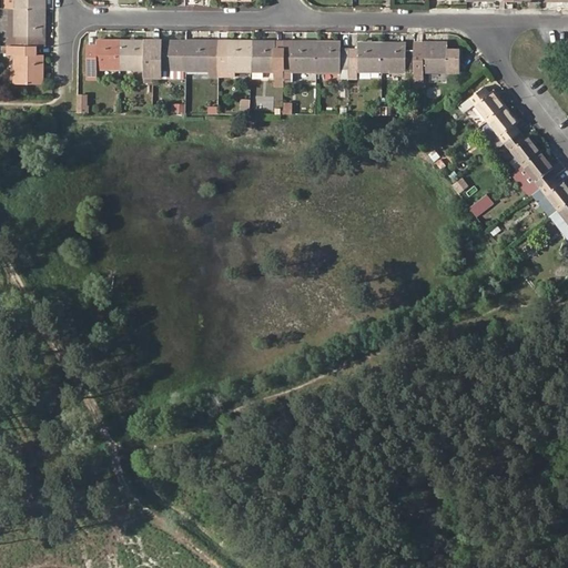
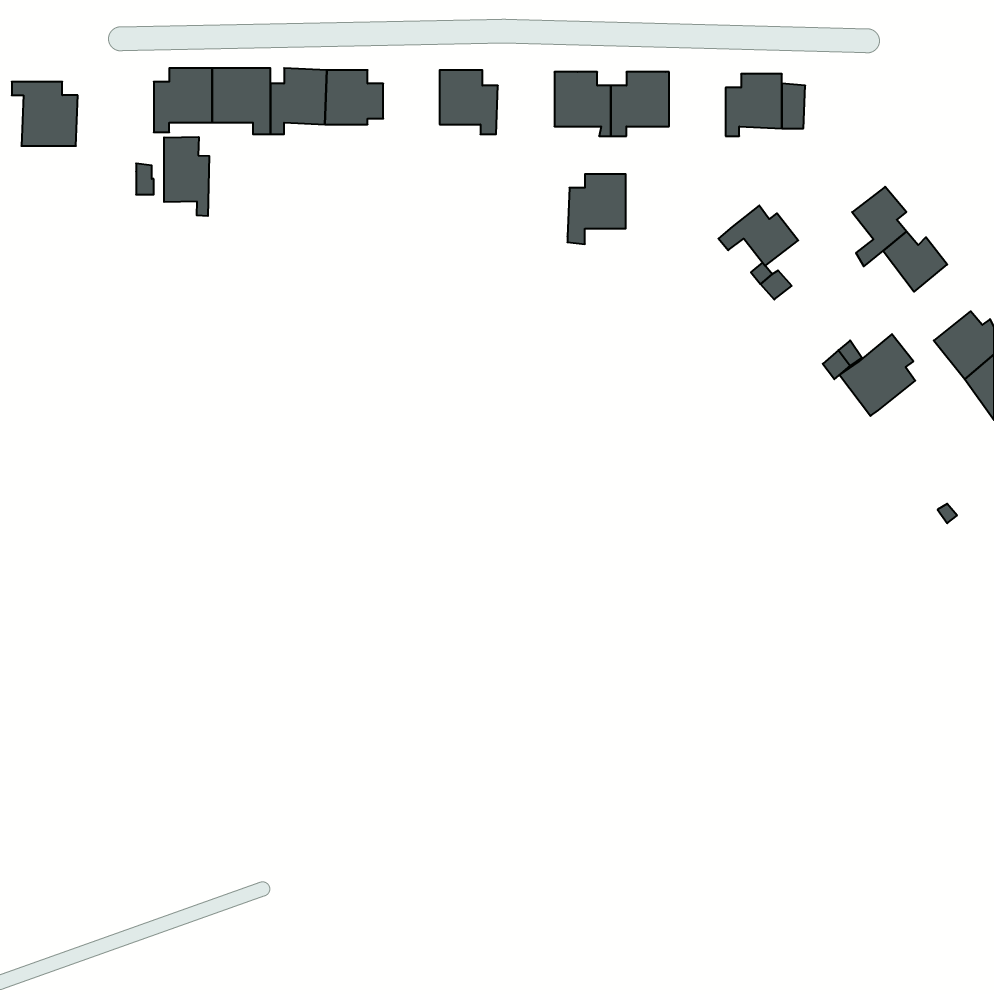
building: [7,8,44,47] -> none
building: [219,40,251,77] -> none
building: [283,41,316,81] -> [567,174,626,244]
building: [382,41,414,72] -> none
building: none -> [164,137,209,216]
building: [459,87,505,121] -> [718,205,798,266]
building: [510,151,554,197] -> [839,334,915,416]

